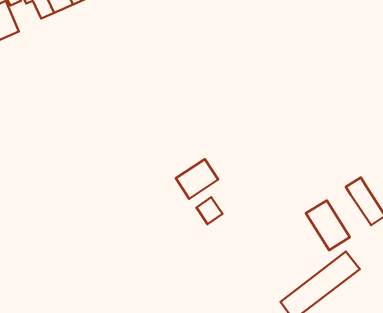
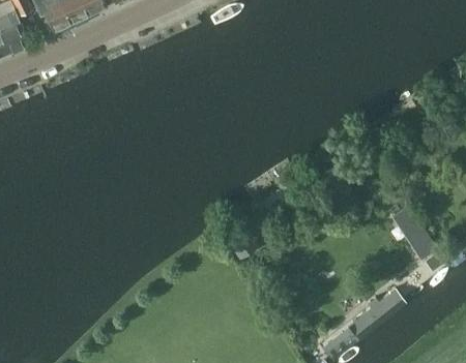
building: [176,159,218,199] -> none
building: [306,200,350,250] -> none

